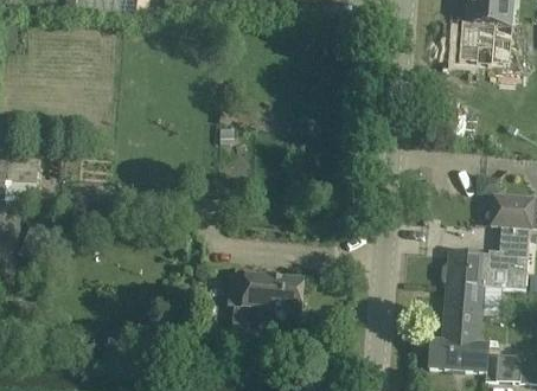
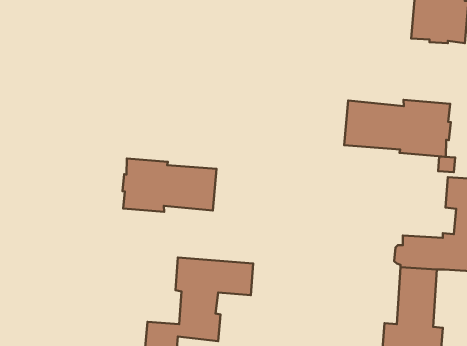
building: none -> [344,100,451,157]
building: none -> [123,159,217,212]

